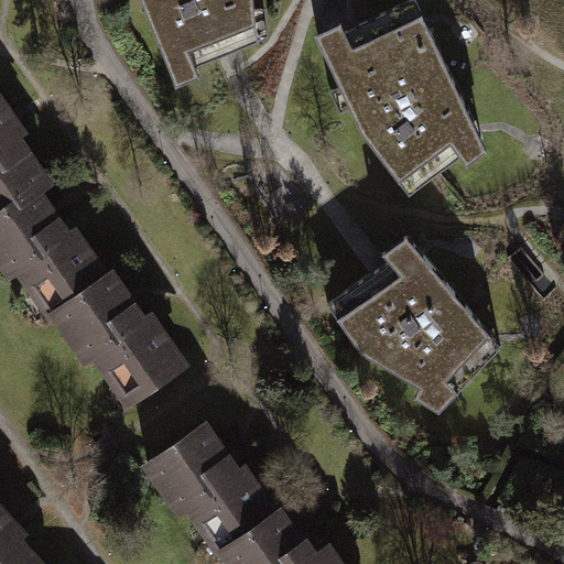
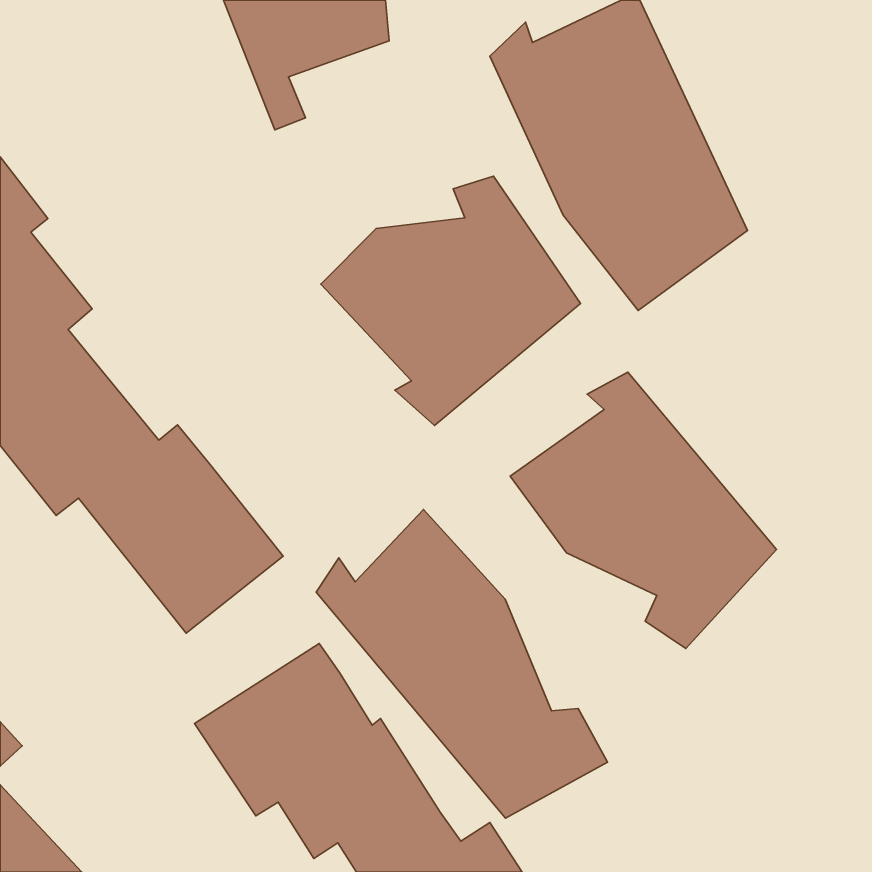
building: none -> [321,176,581,426]
building: none -> [316,510,608,818]

